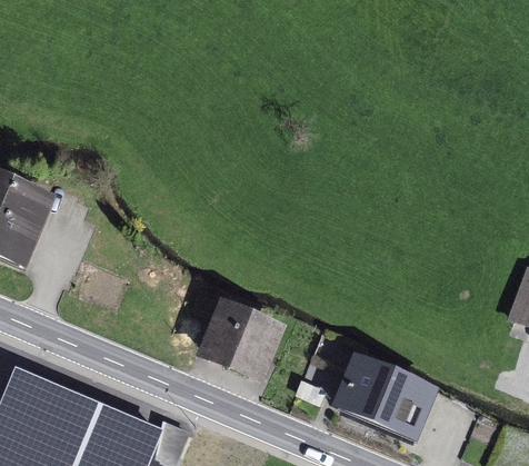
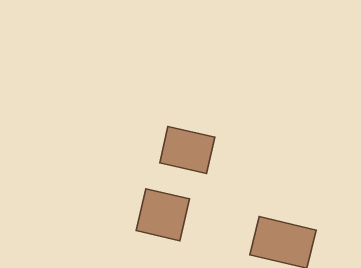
building: none -> [160,126,215,174]

